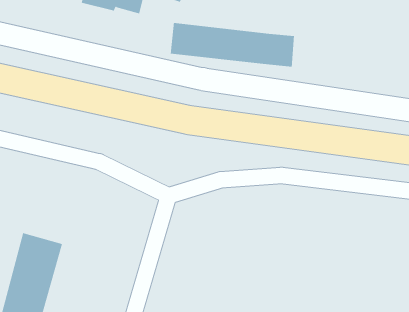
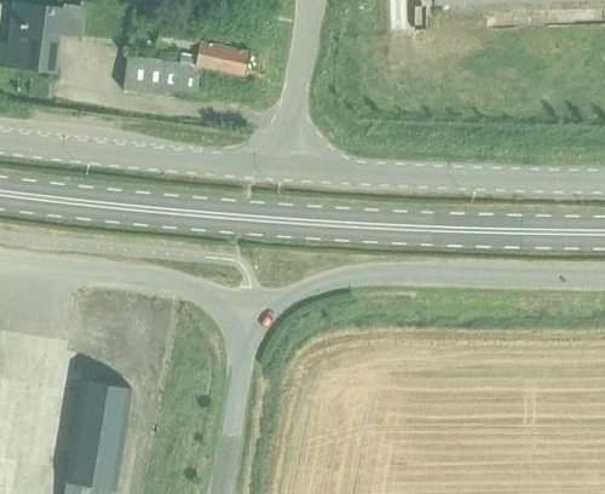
building: [170,22,294,67] -> none

